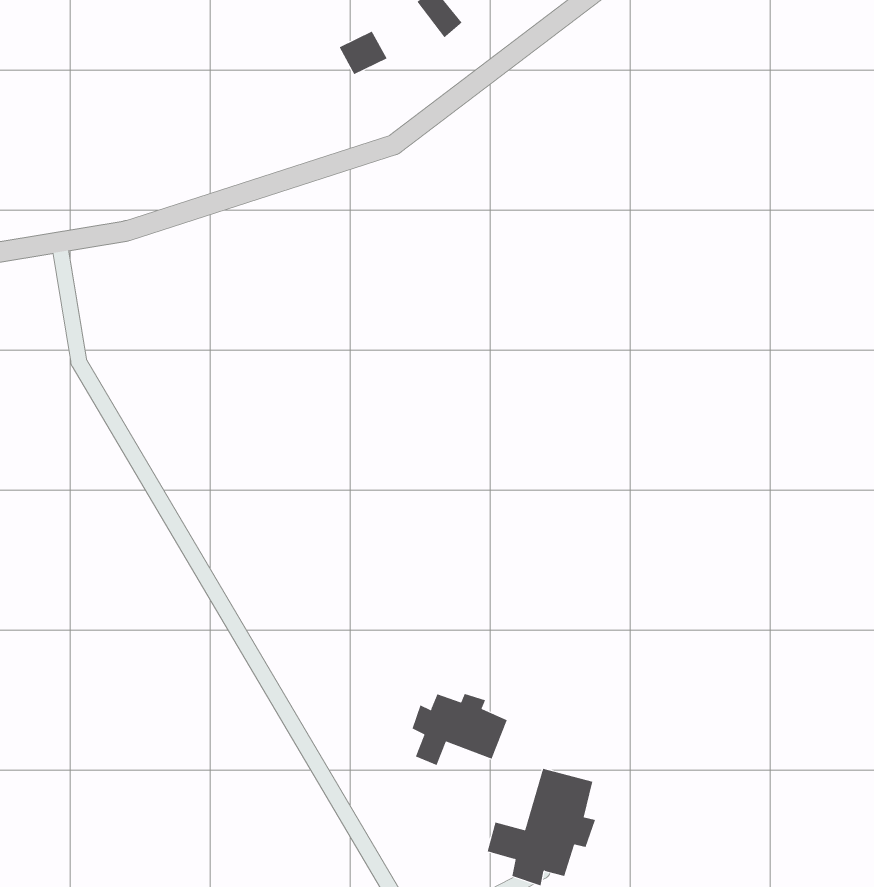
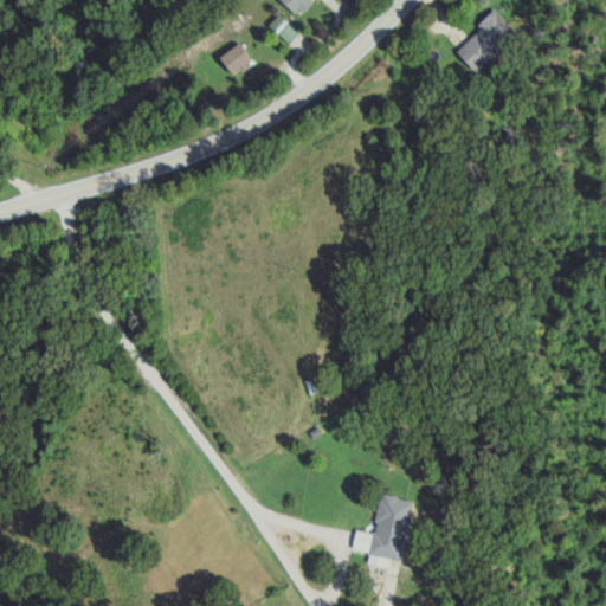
building: none -> [454,12,516,72]
building: [412,693,508,766] -> none

